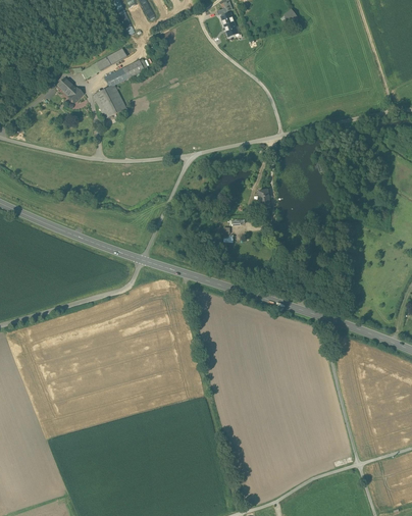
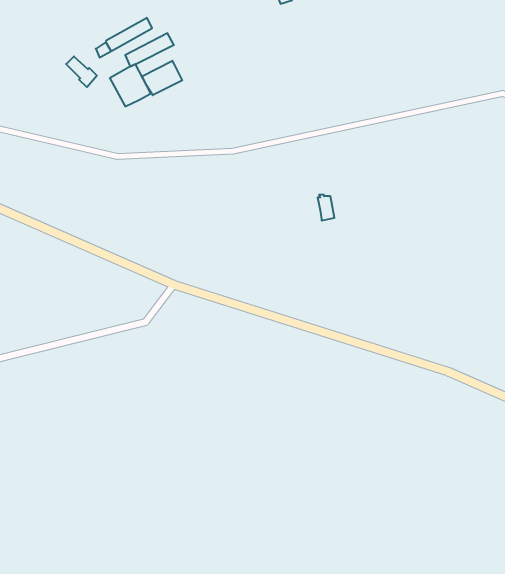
building: none -> [142,61,182,95]

